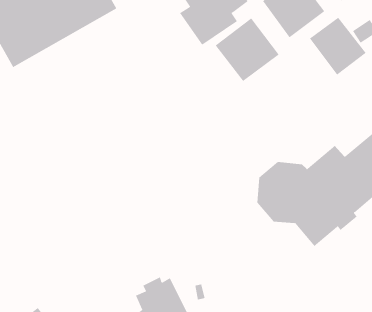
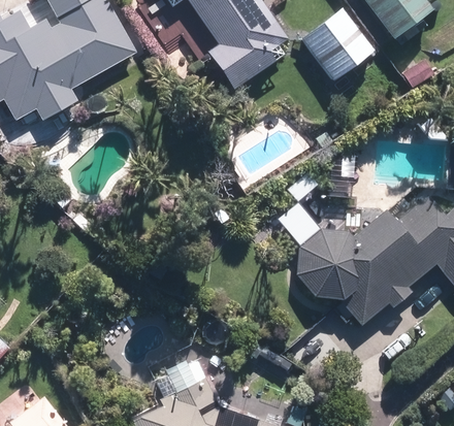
building: [309,17,366,75] -> none
building: [215,18,279,82] -> none

